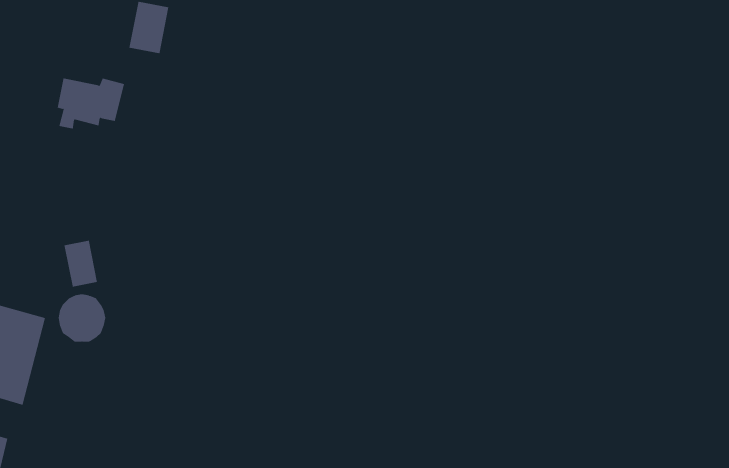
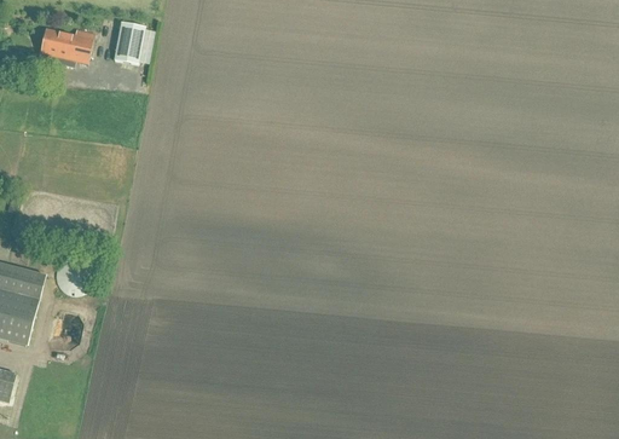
building: [57,78,125,129] -> [39,28,93,69]
building: [64,240,98,287] -> none

